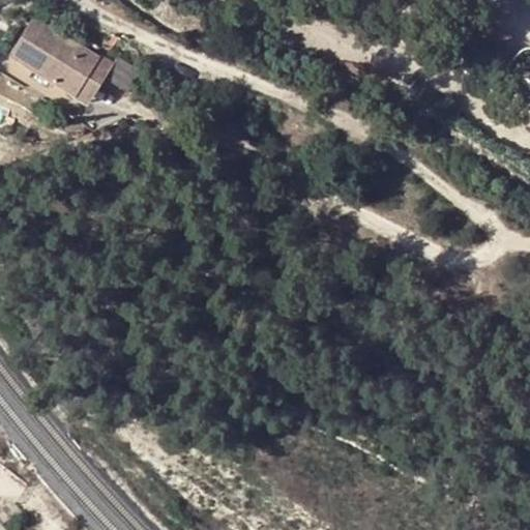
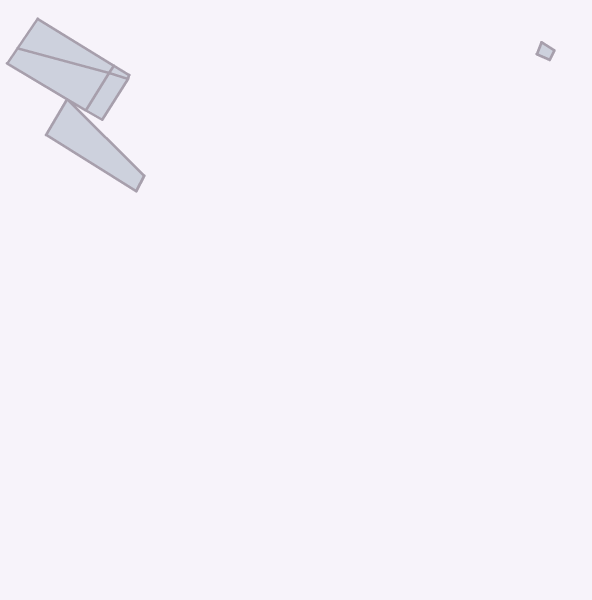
building: none -> [46,99,144,191]

